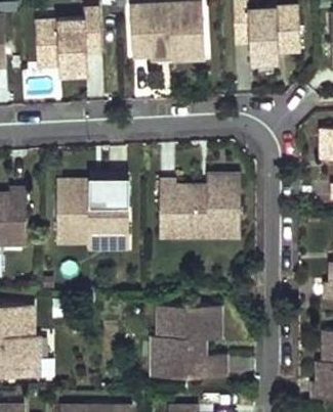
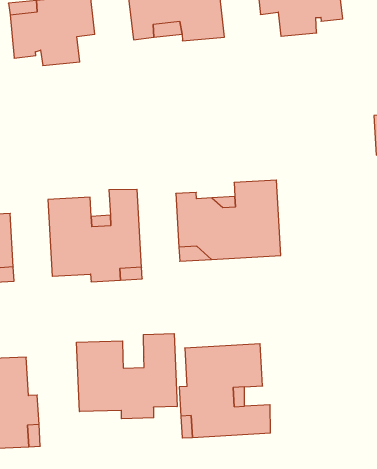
building: none -> [77,334,177,419]

